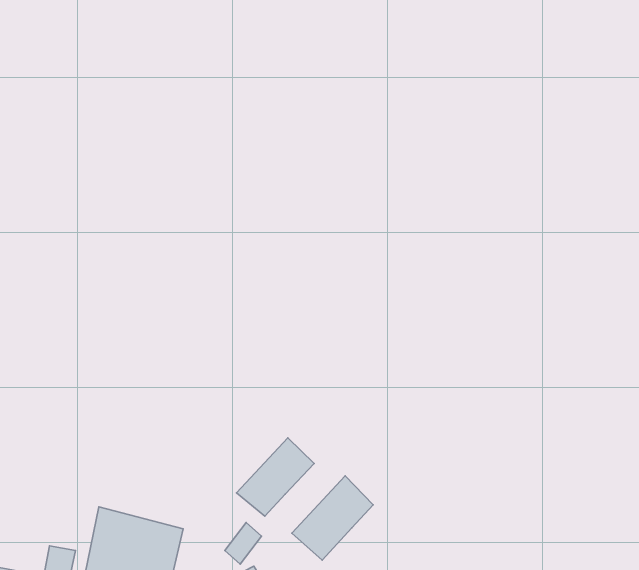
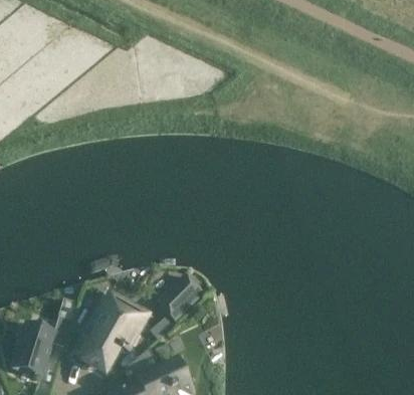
building: [292,476,373,560] -> none

